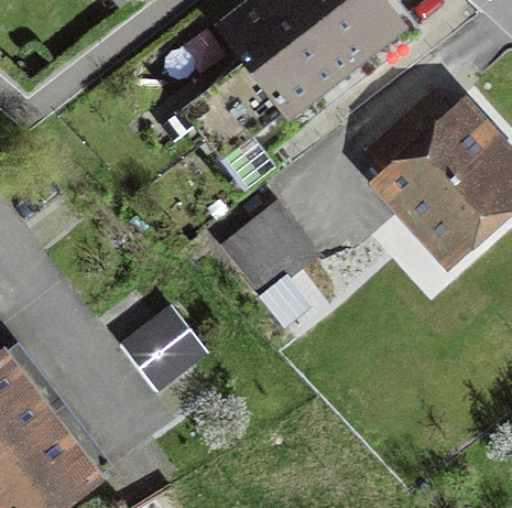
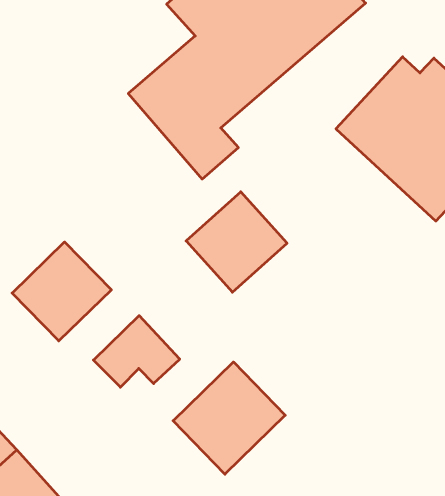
building: none -> [12,242,111,341]
building: none -> [173,362,285,474]

